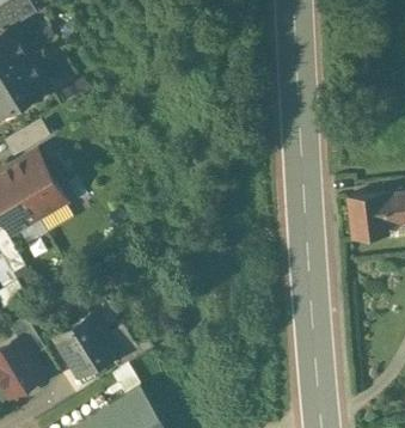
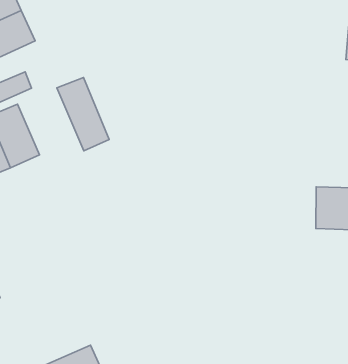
building: none -> [57,77,109,151]
building: [55,317,117,379] -> none

